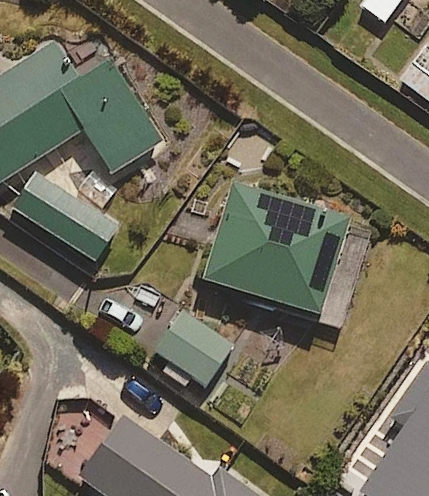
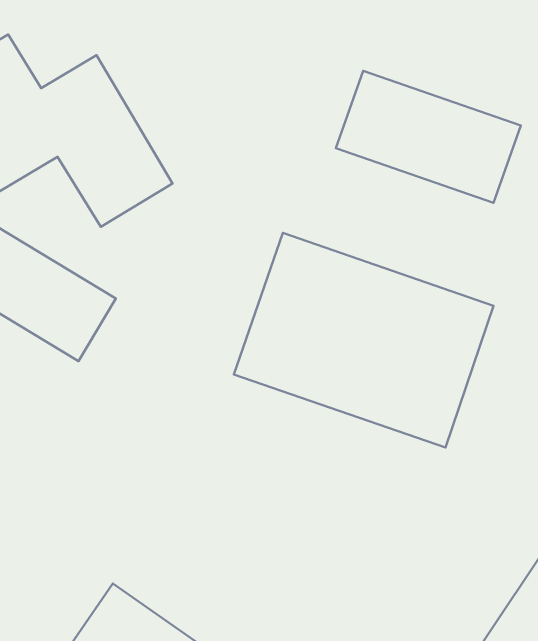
building: none -> [336,71,521,203]
building: [146,308,234,387] -> none

